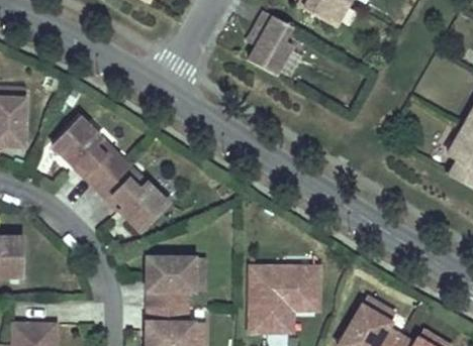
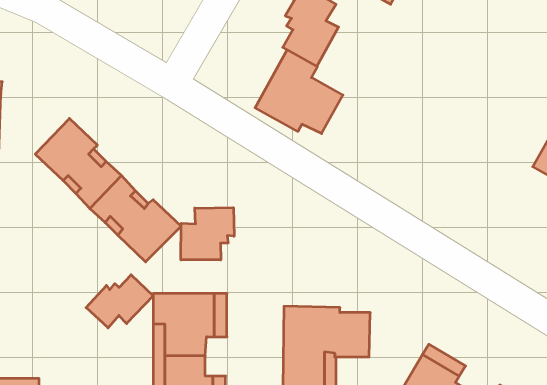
building: none -> [255,50,343,134]
building: none -> [181,208,234,260]
building: none -> [86,275,153,328]

